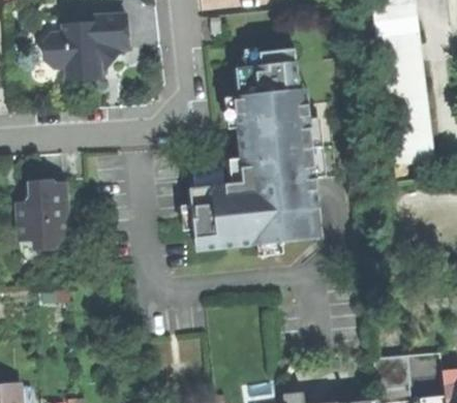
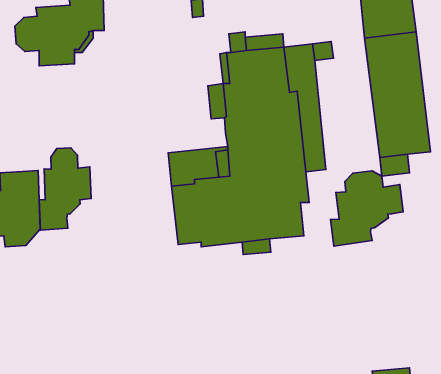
building: none -> [39,148,91,230]
building: none -> [331,171,403,246]

